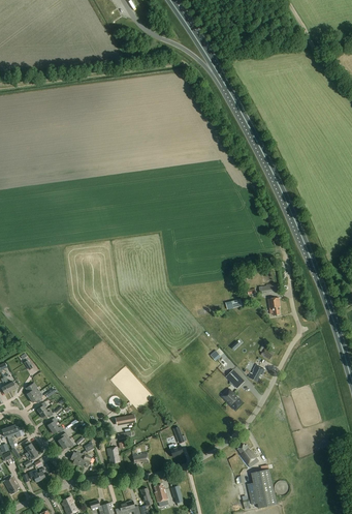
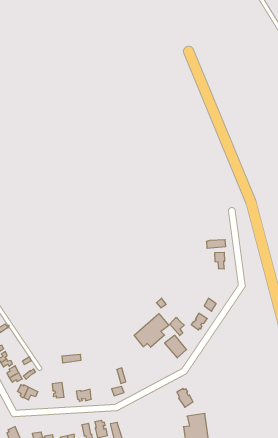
building: none -> [134,314,169,347]

